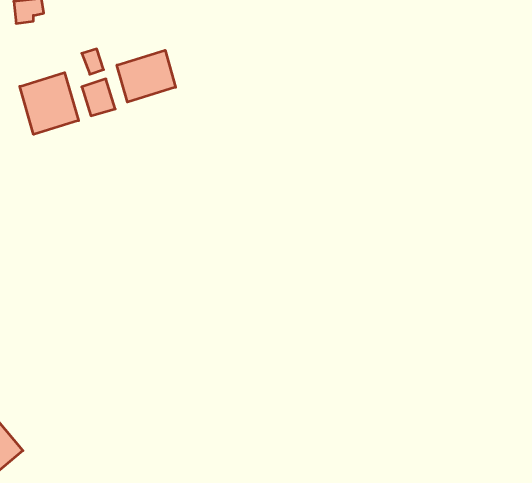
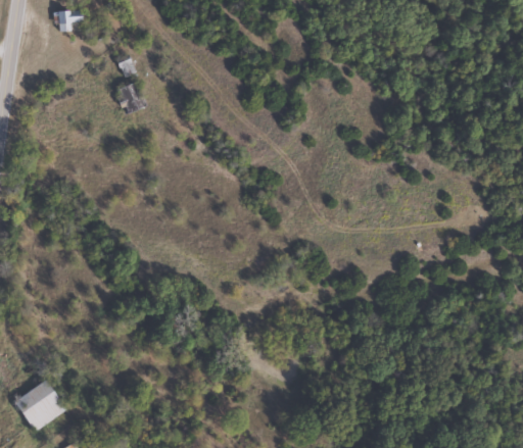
building: [117,50,176,102] -> none
building: [20,73,79,134] -> none

